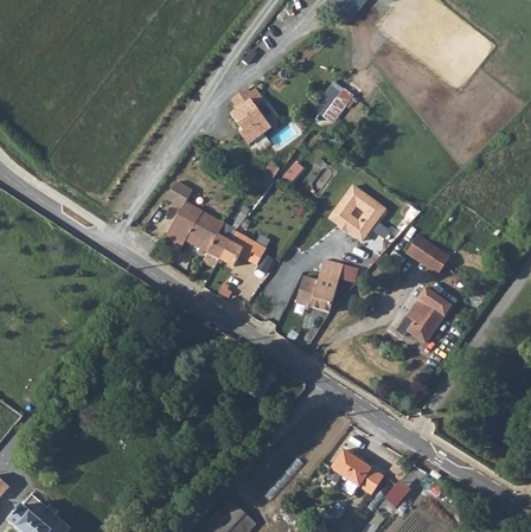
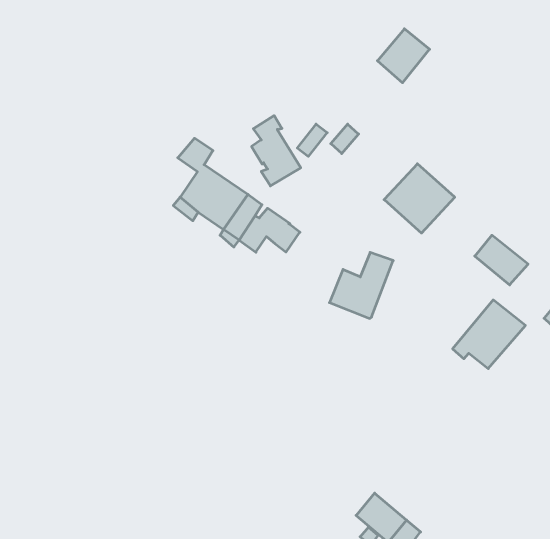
building: [231,88,271,143] -> [252,116,301,186]

